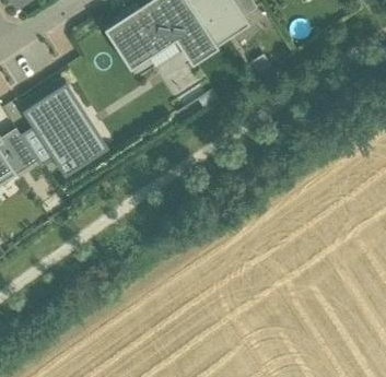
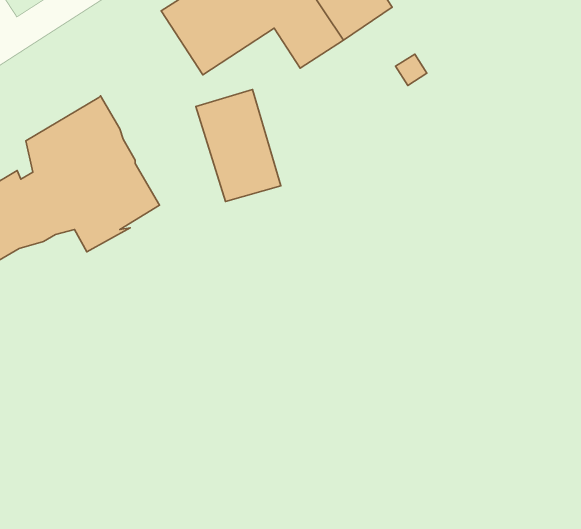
building: none -> [196,89,281,201]

